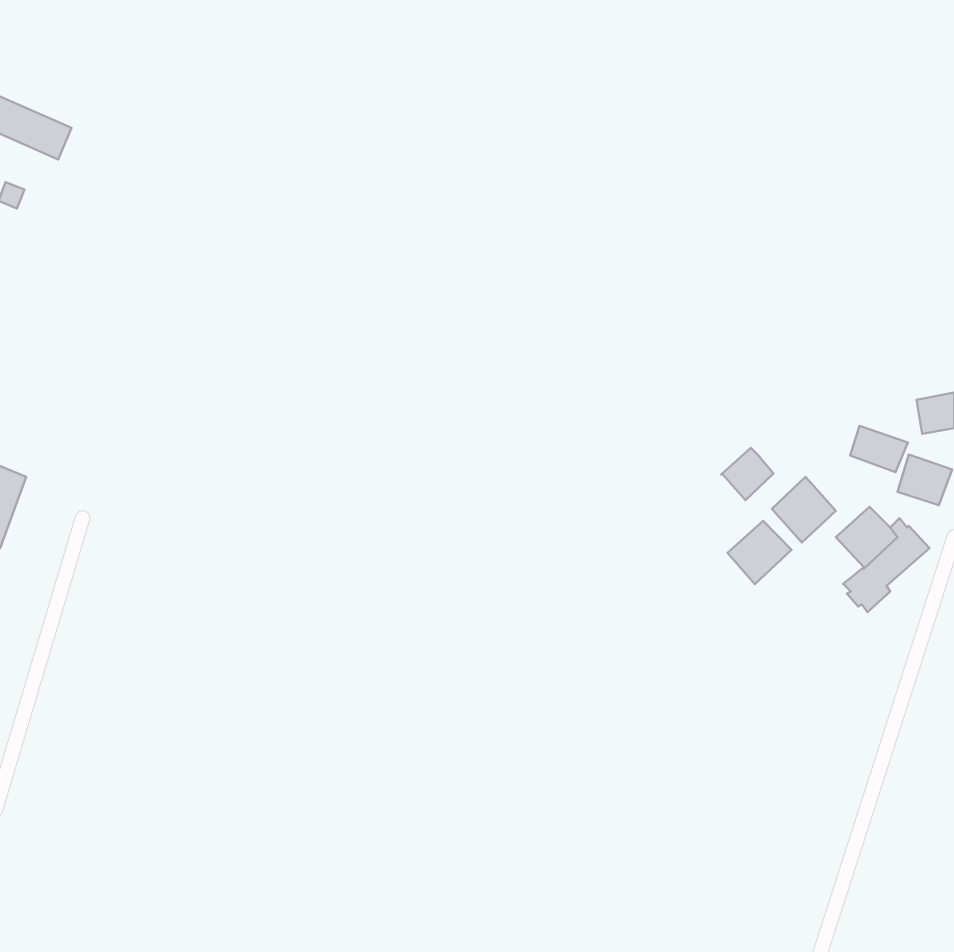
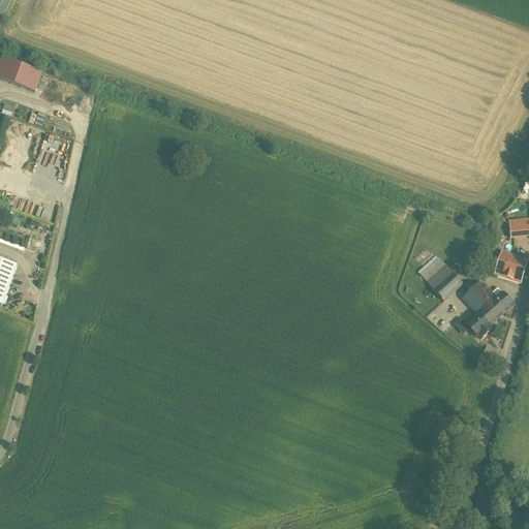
building: [850,426,908,472] -> none
building: [721,448,774,500] -> none
building: [728,521,791,584] -> none

